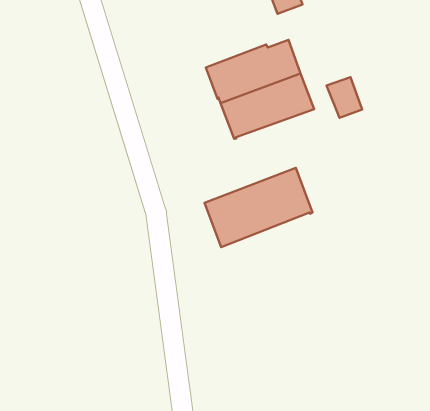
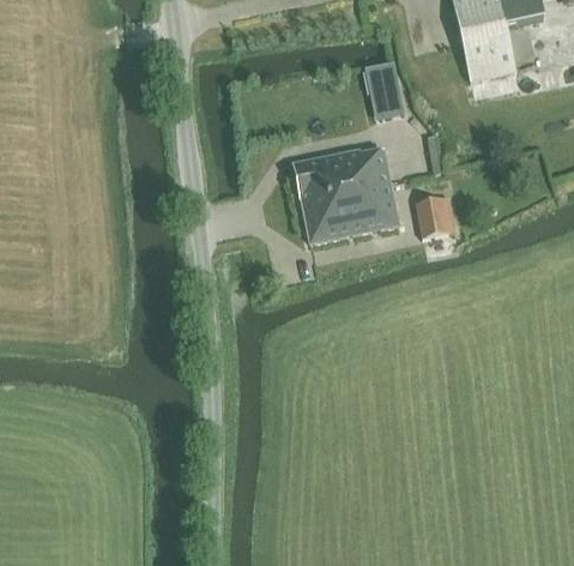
building: [205,168,312,247] -> none

